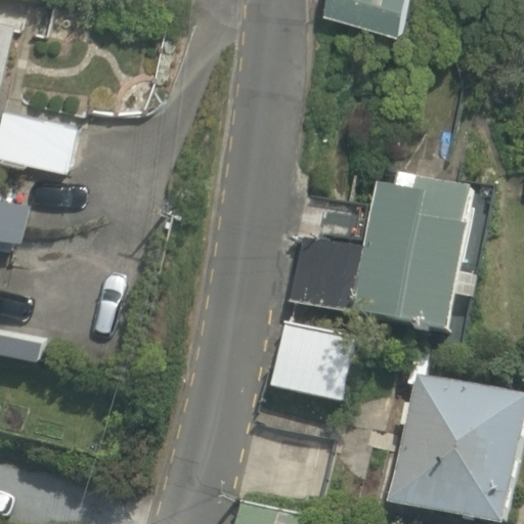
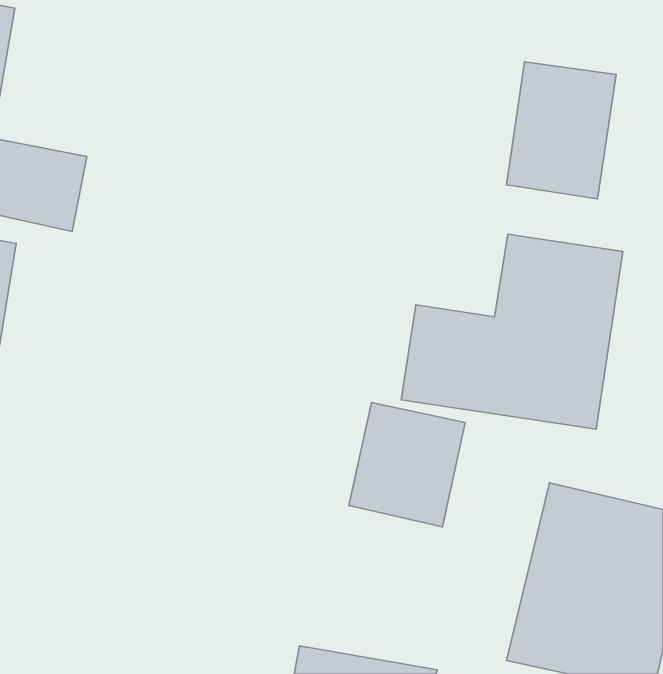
building: none -> [506,62,616,199]

